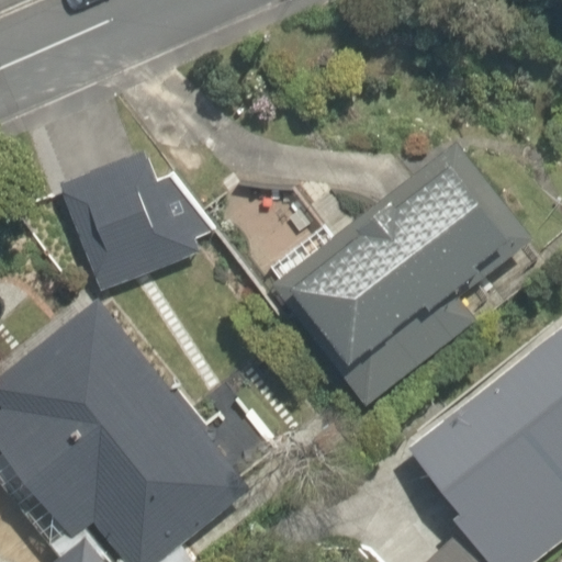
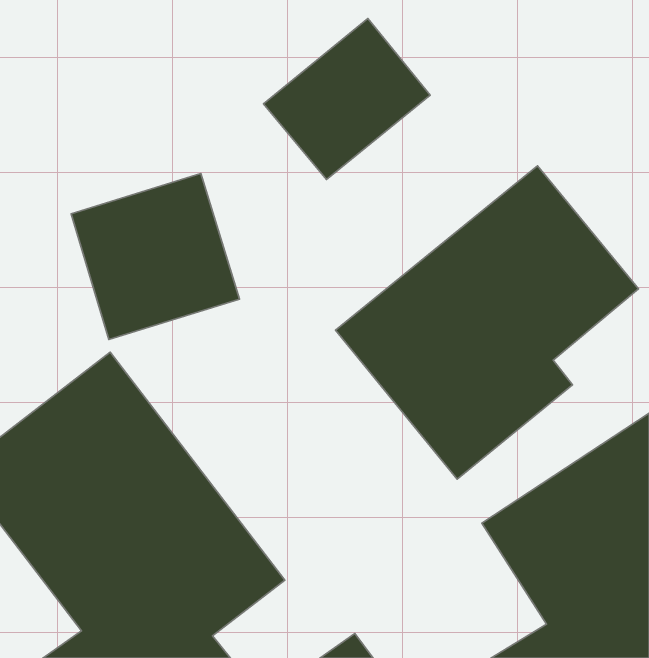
building: none -> [264,19,430,179]

